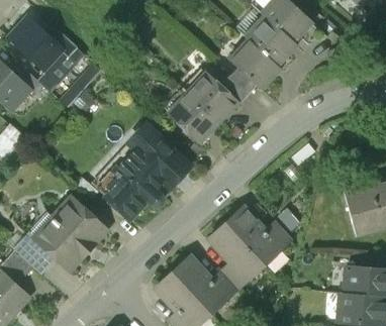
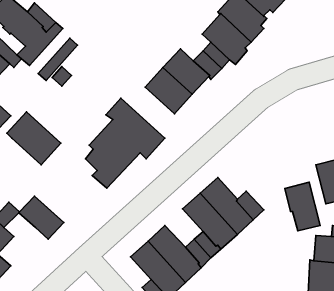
building: [51,199,106,253] -> [7,112,61,165]
building: none -> [285,182,320,231]
building: [24,243,57,276] -> none

